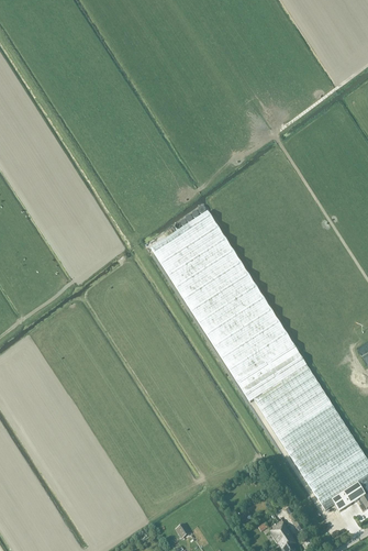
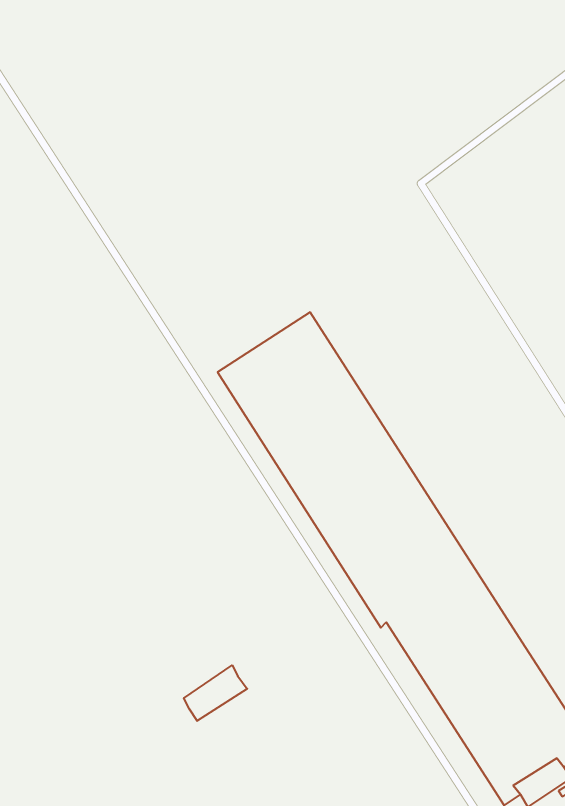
building: none -> [184,665,247,721]

